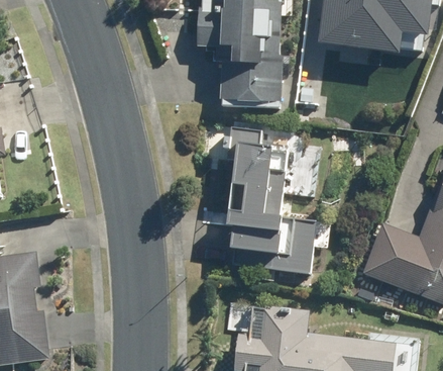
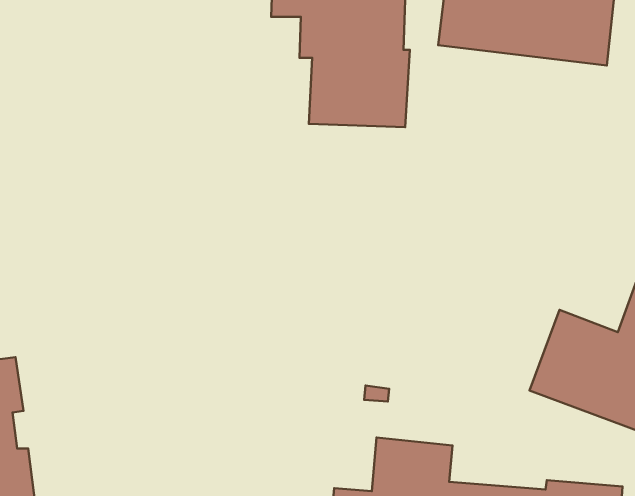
building: [226,127,316,271] -> none

